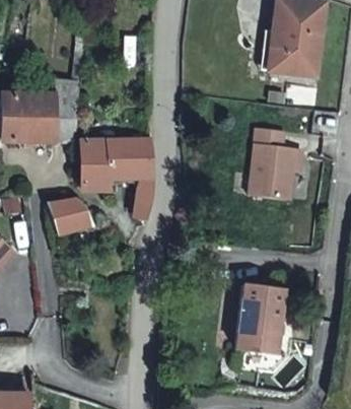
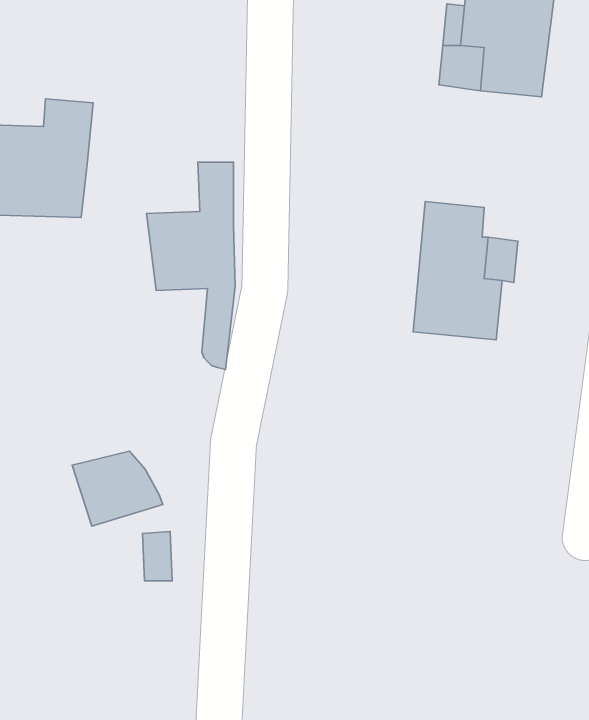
building: [82,138,114,189] -> none
building: [49,196,95,234] -> [72,451,163,526]
building: [234,286,282,356] -> none

